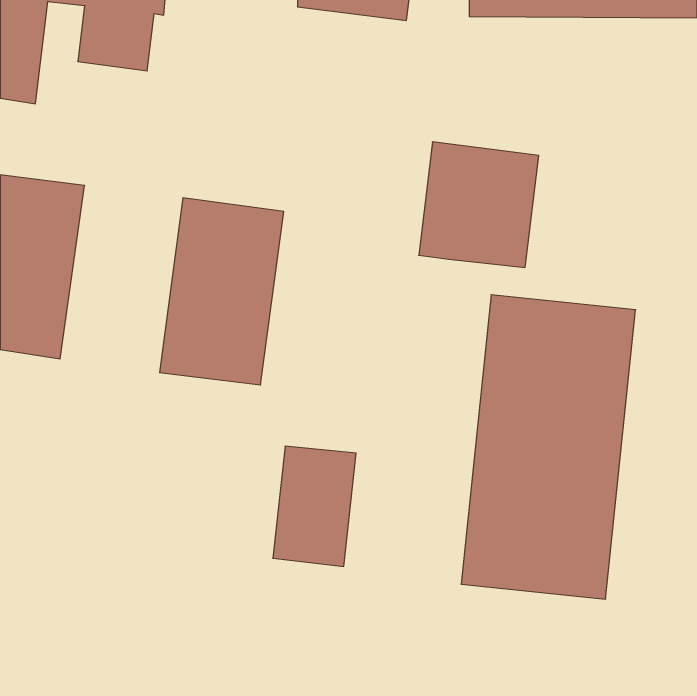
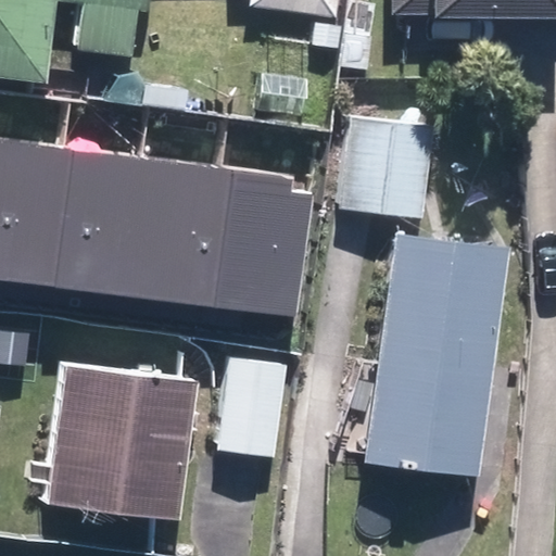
building: none -> [48,148,146,296]
building: none -> [207,168,313,318]
building: none -> [46,366,194,520]

